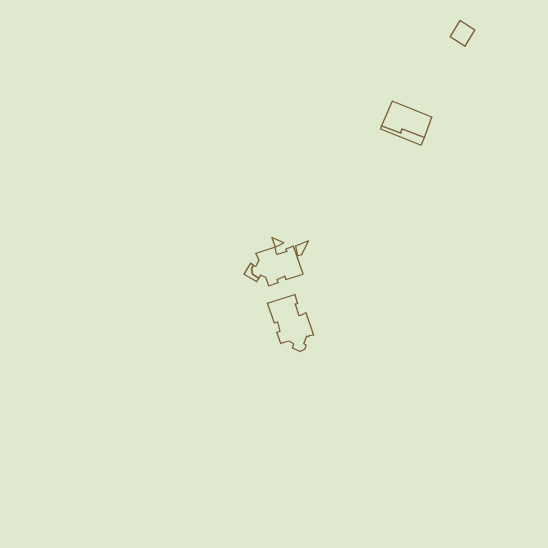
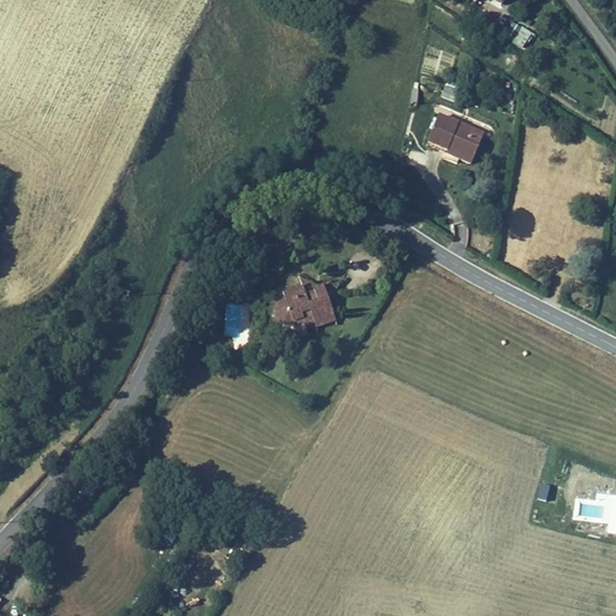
building: [268,294,313,352] -> none

